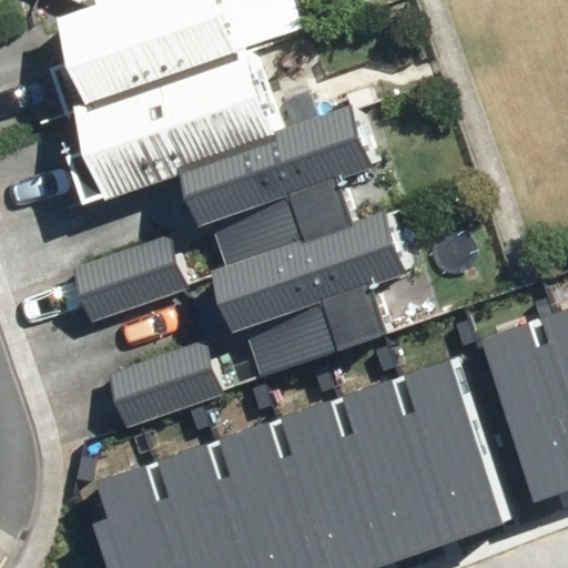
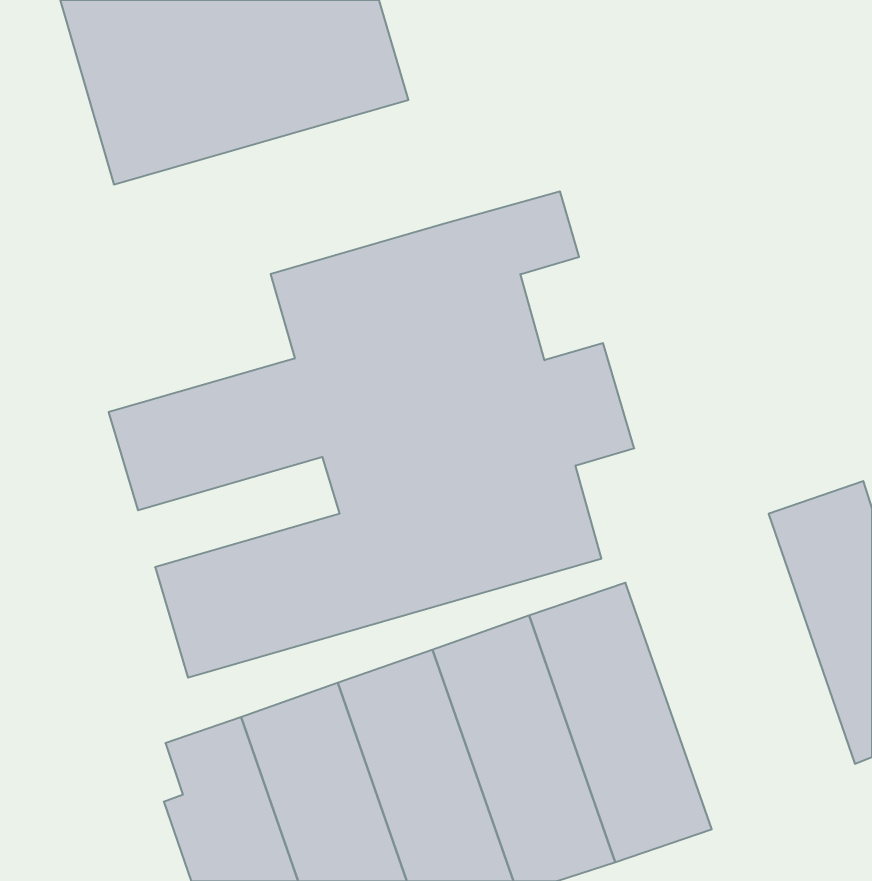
building: [73,64,285,199] -> none
building: [403,353,520,534] -> none

